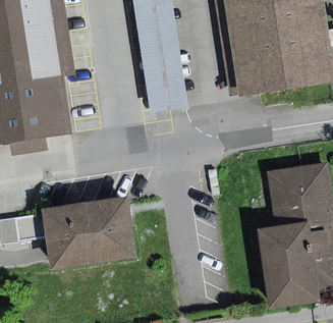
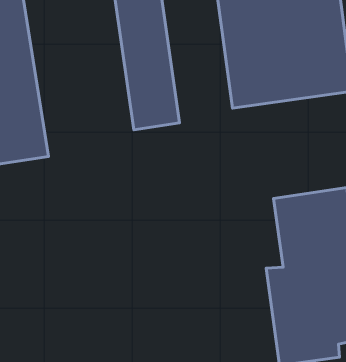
building: [43,196,138,269] -> none

